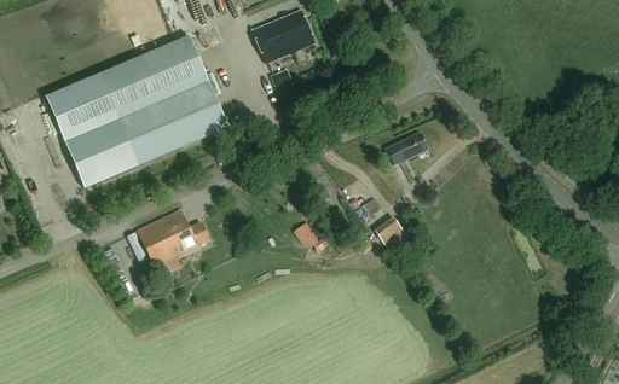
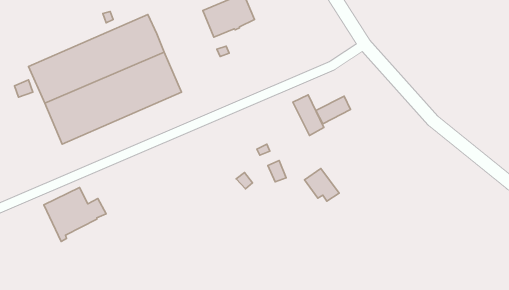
building: none -> [293,95,324,135]
building: [137,210,210,274] -> [44,187,106,241]

